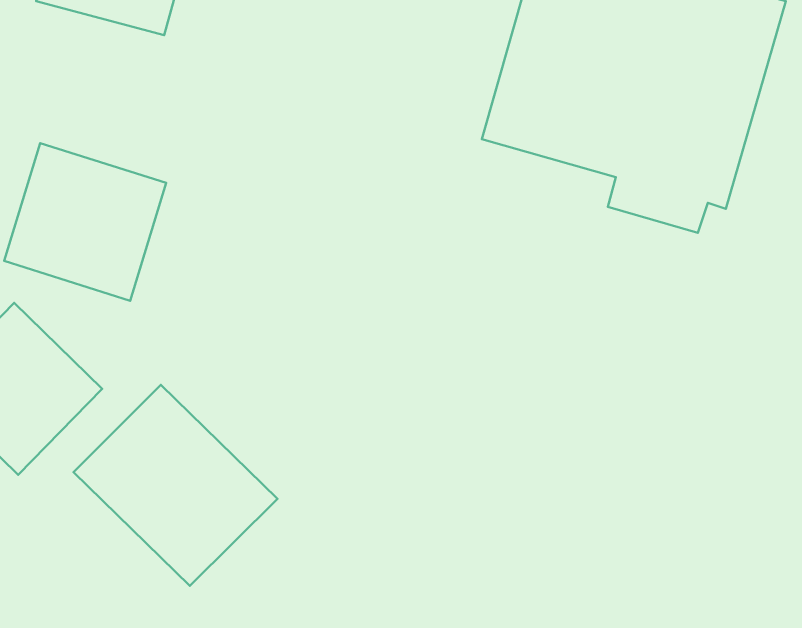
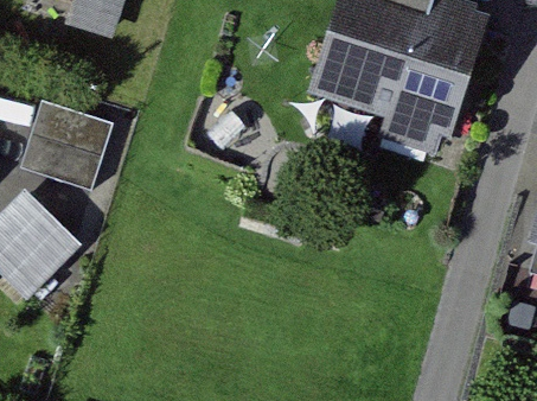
building: [73,385,277,586] -> none

